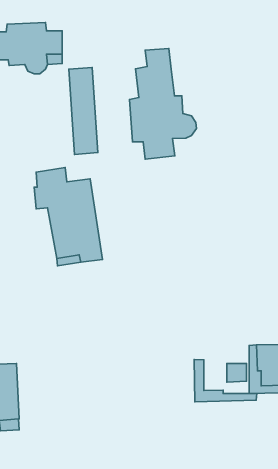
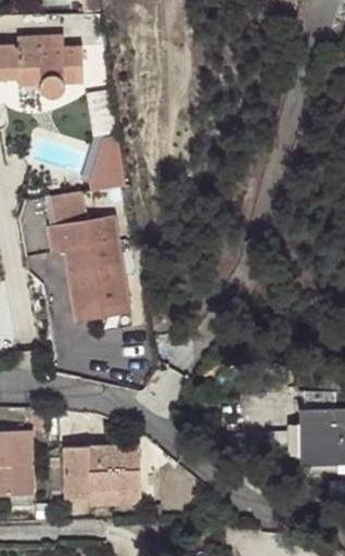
building: [130,49,197,159] -> none
building: [194,359,257,402] -> none
building: none -> [62,444,139,506]

